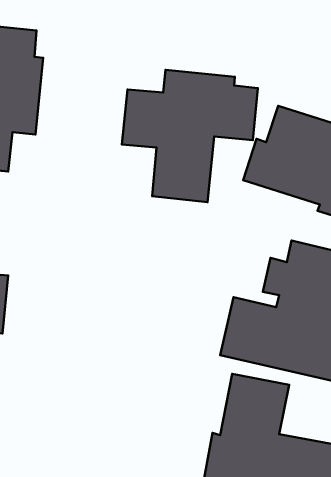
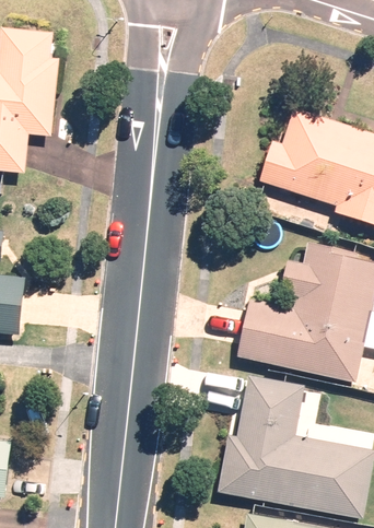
building: [122,70,258,202] -> none

